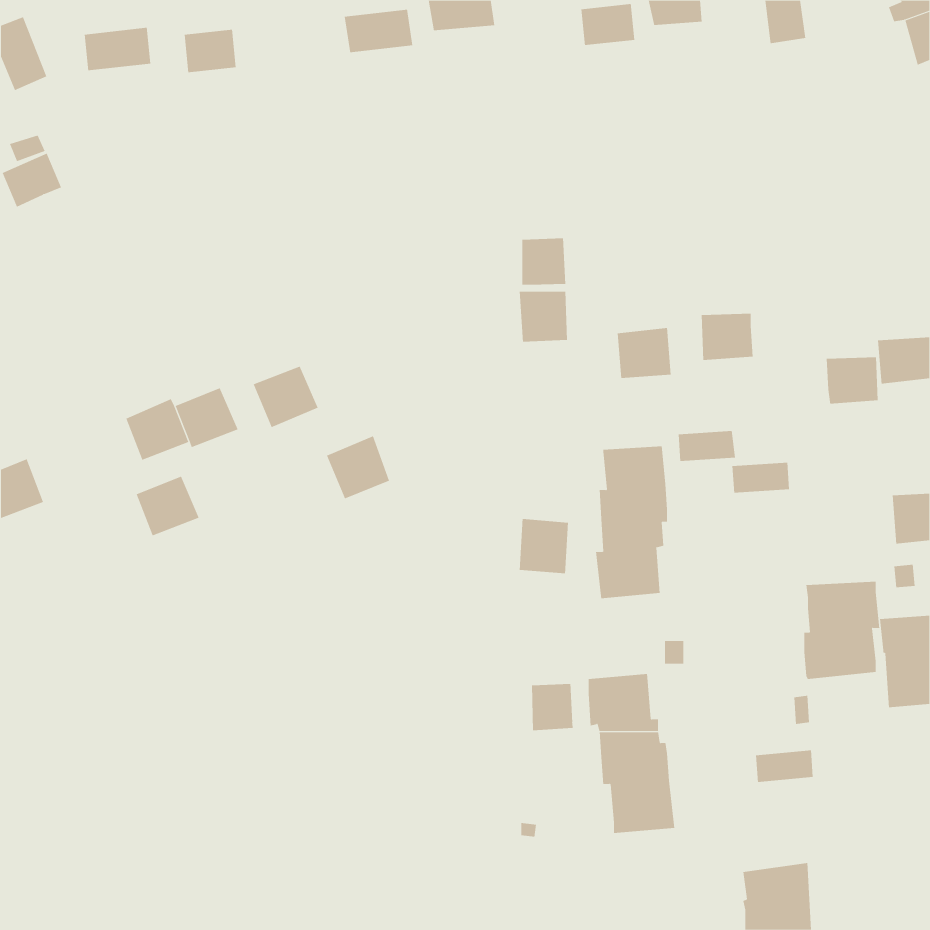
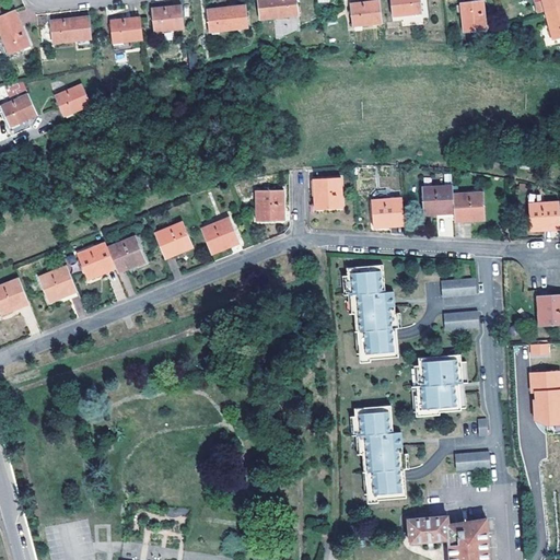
building: none -> [152,7,184,32]
building: none -> [51,82,89,115]
building: [522,238,566,286] -> none
building: none -> [253,187,282,218]
building: [826,357,879,404] -> [452,195,483,223]
building: [678,431,736,462] -> [443,311,478,329]
building: [326,435,390,499] -> [199,214,237,253]
building: [136,476,200,536] -> [37,264,75,300]
building: [519,518,568,574] -> none
building: [804,581,880,679] -> [416,354,462,413]
building: [531,683,573,731] -> none
building: none -> [407,516,448,545]

